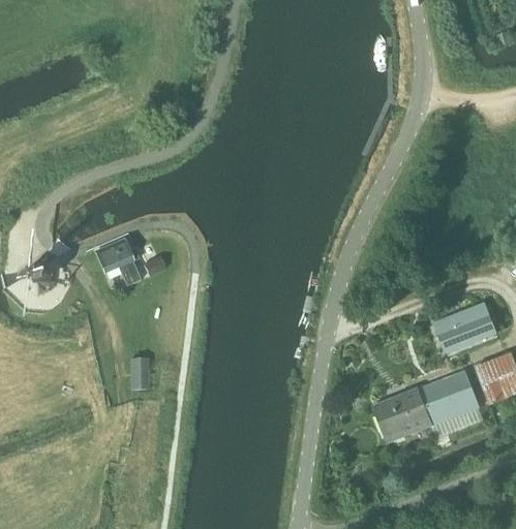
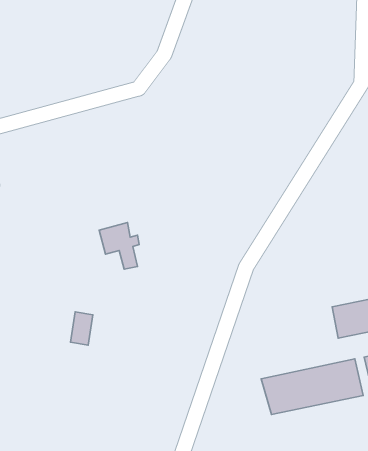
building: [95,238,141,286] -> [99,223,139,269]
building: [130,357,149,390] -> [70,312,93,345]

